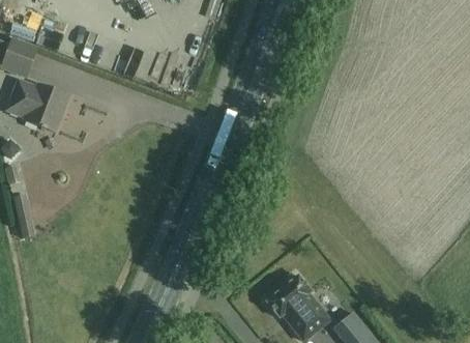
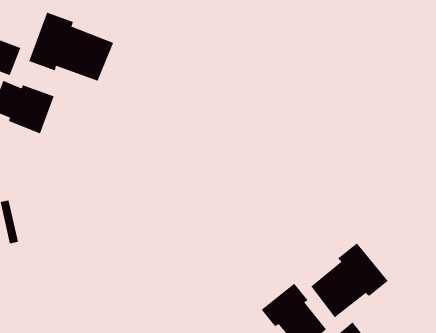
building: none -> [28,12,114,82]
building: none -> [310,242,389,318]

